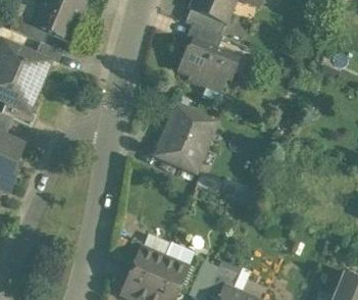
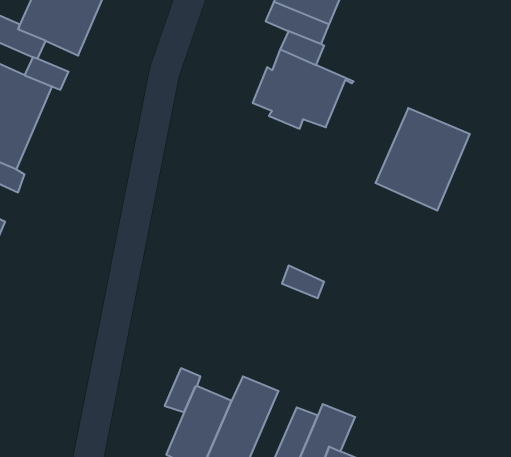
building: [155,107,214,171] -> [375,108,470,211]

